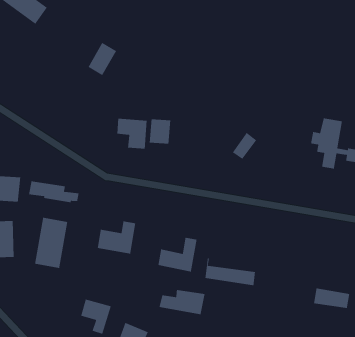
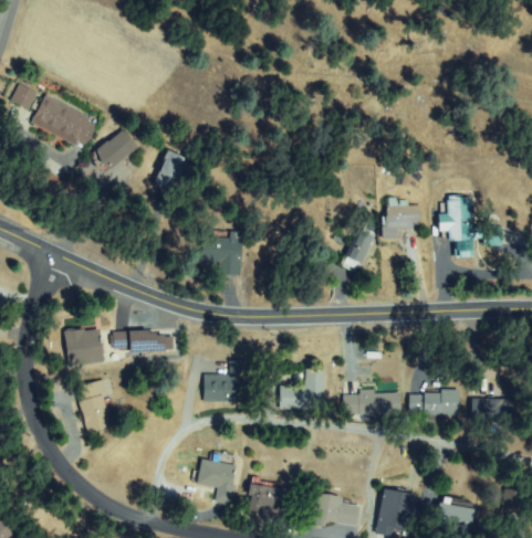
building: none -> [91,130,136,170]
building: none -> [382,199,419,236]
building: [149,119,171,145] -> none
building: [34,217,68,269] -> none
building: none -> [406,393,456,412]
building: [158,289,206,315] -> none

